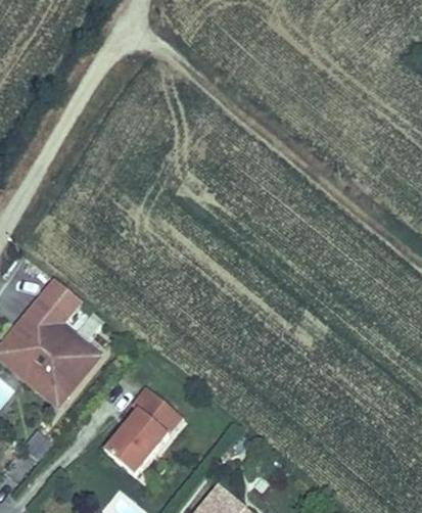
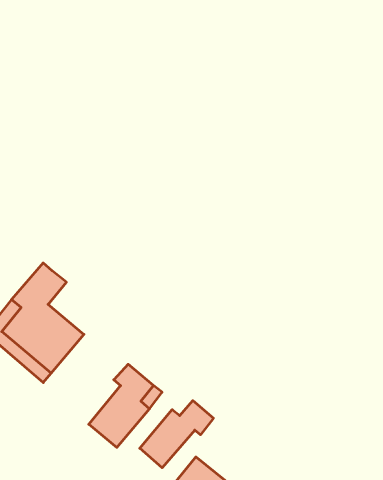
building: none -> [140,401,213,468]

